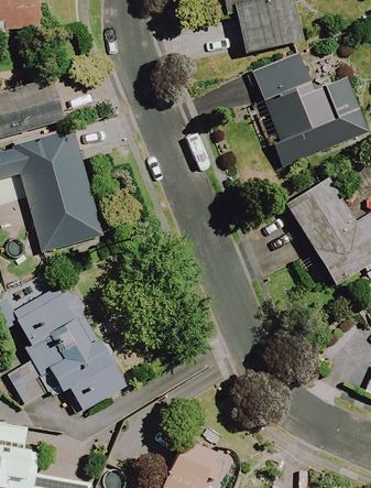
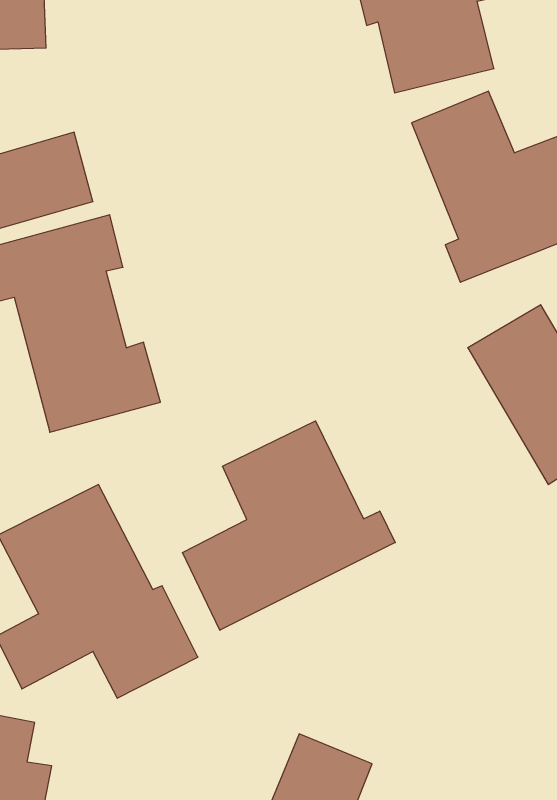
building: none -> [182,421,395,630]

